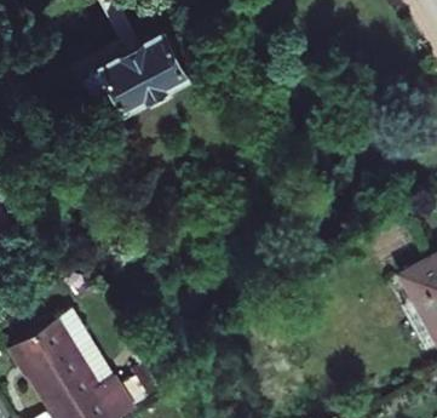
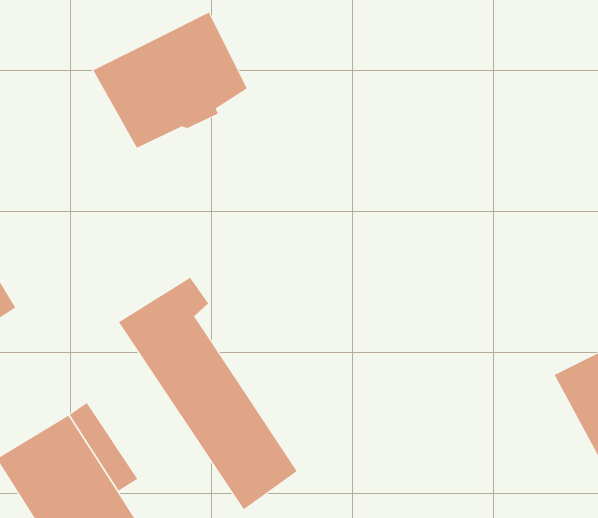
building: none -> [118,277,297,510]

